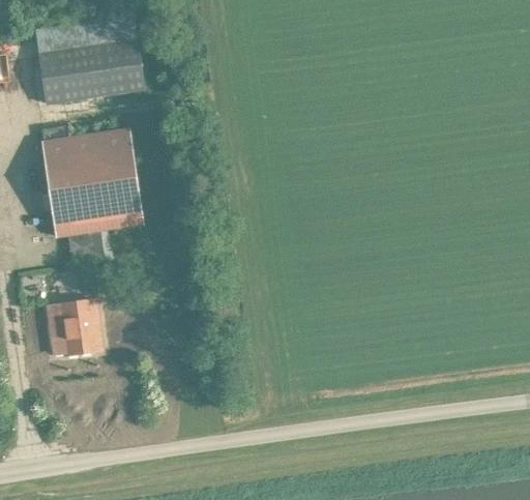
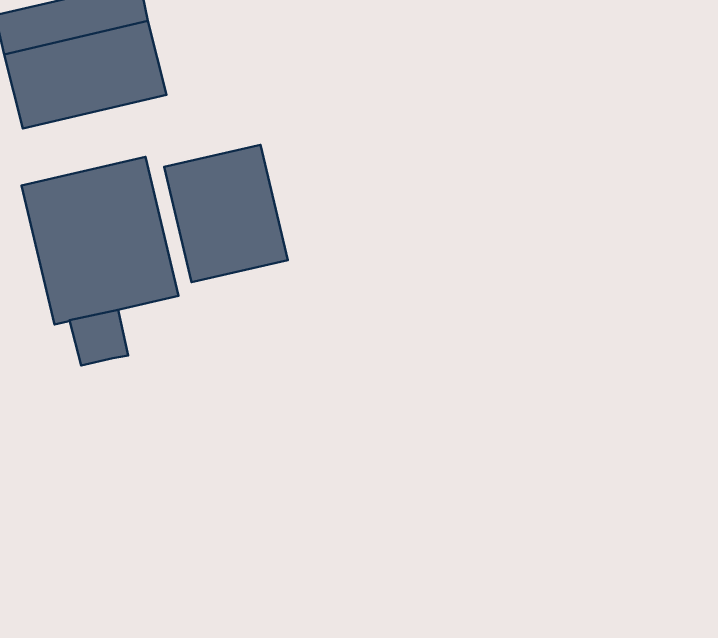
building: none -> [164,145,288,282]
building: [49,299,102,355] -> none

